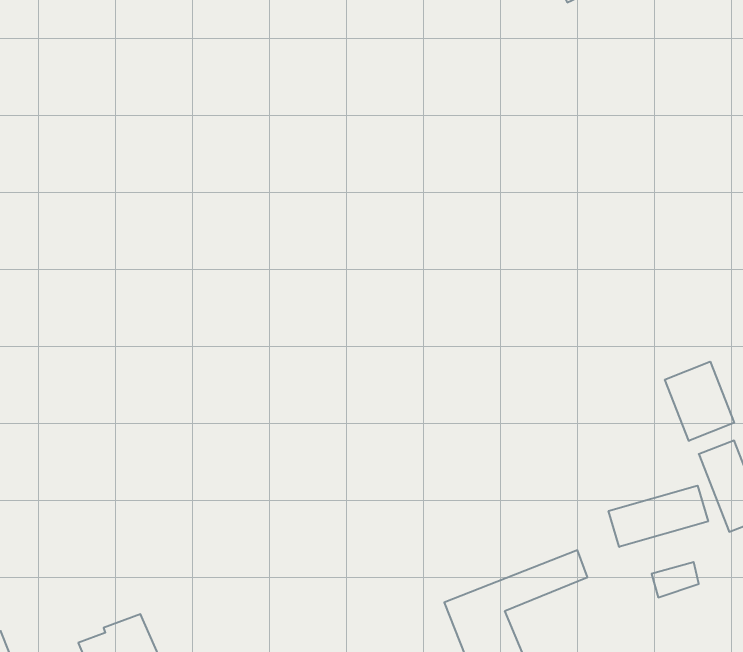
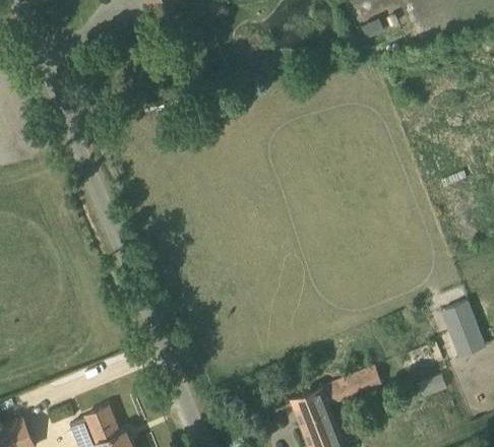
building: [665,362,734,441] -> none
building: [609,486,708,547] -> none

